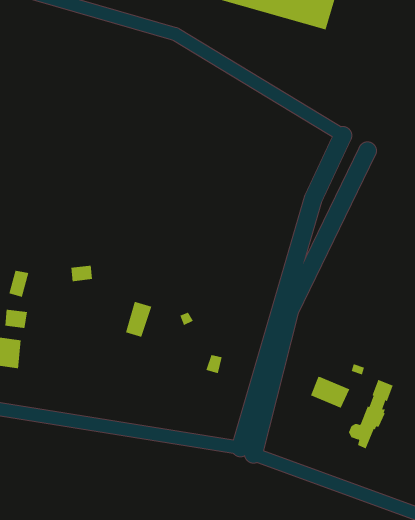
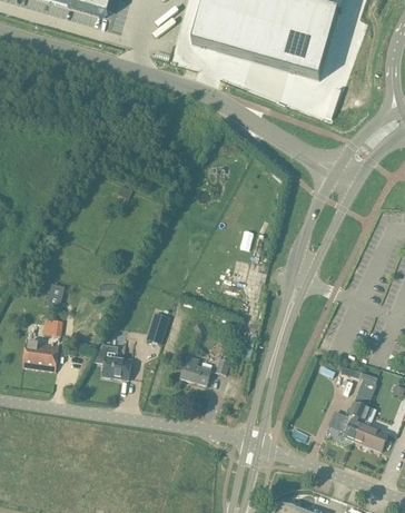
building: none -> [92,343,130,377]
building: none -> [180,354,210,383]
building: [310,376,350,409] -> [353,421,387,448]

